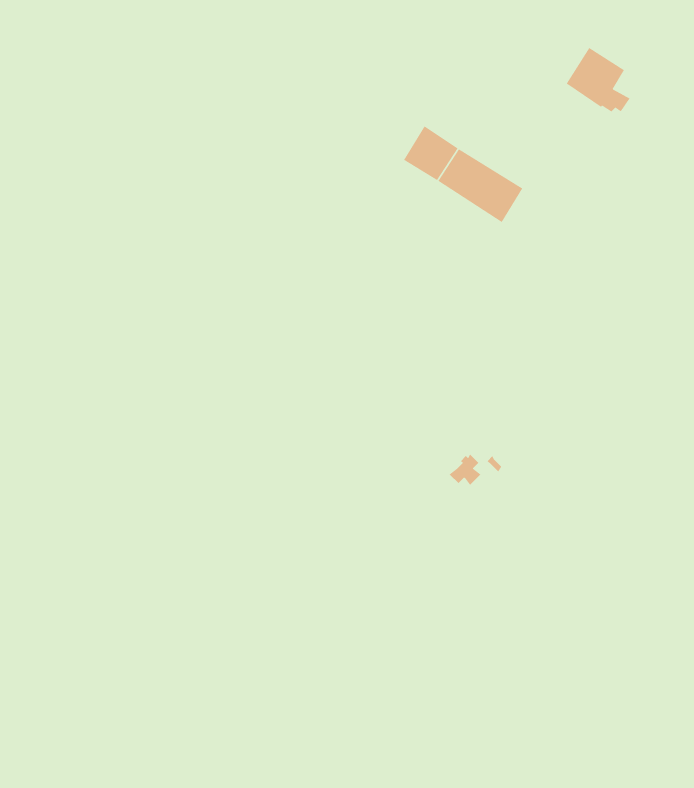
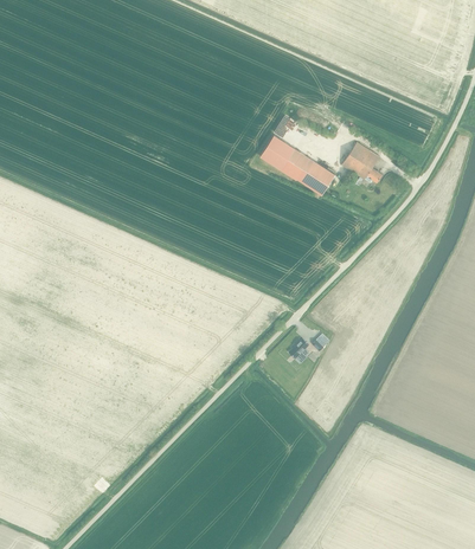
building: [566,47,631,112] -> [342,142,383,182]

